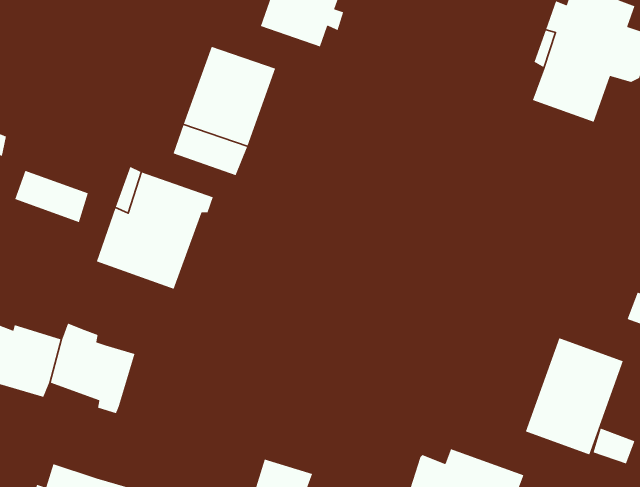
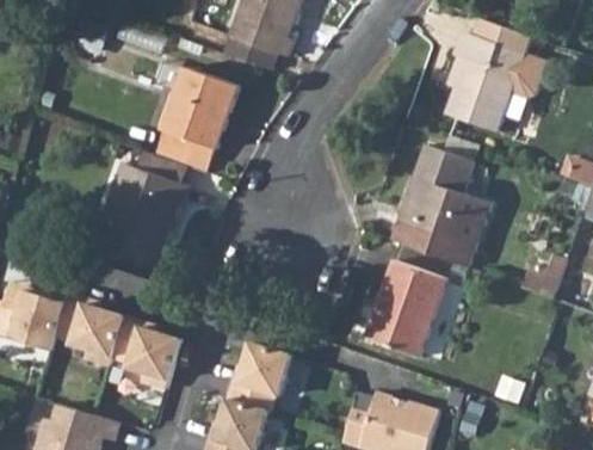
building: none -> [389,146,486,269]
building: [14,170,89,223] -> none
building: [525,337,624,456] -> [364,261,444,357]
building: none -> [111,316,180,390]
building: none -> [228,344,292,413]

